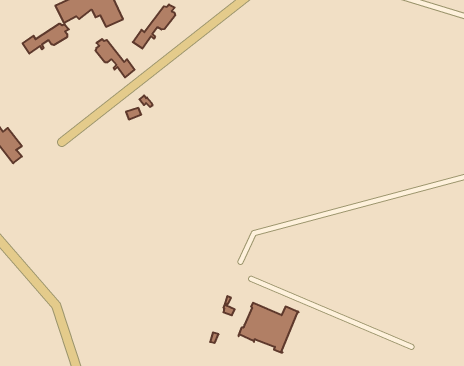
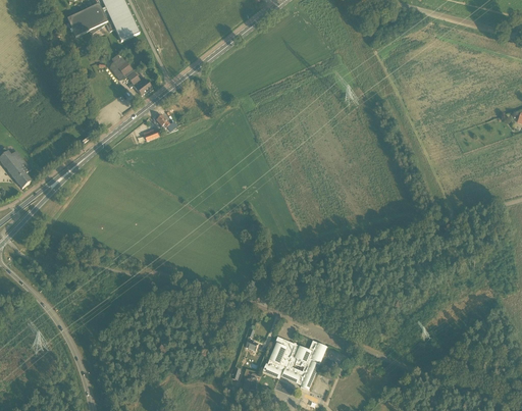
building: [133,4,175,49] -> none
building: [23,24,69,54] -> none

